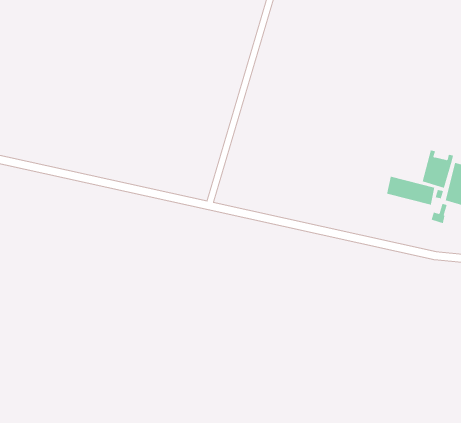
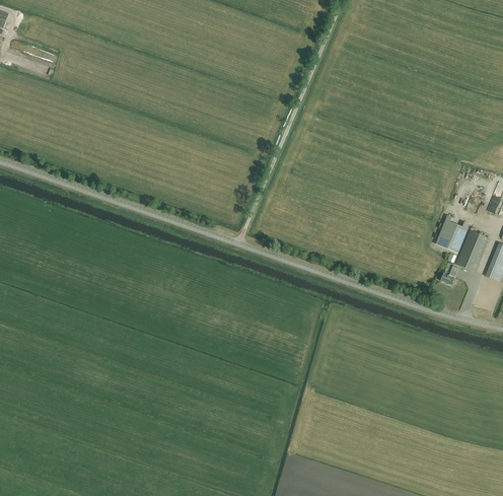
building: [387,176,435,205] -> none

